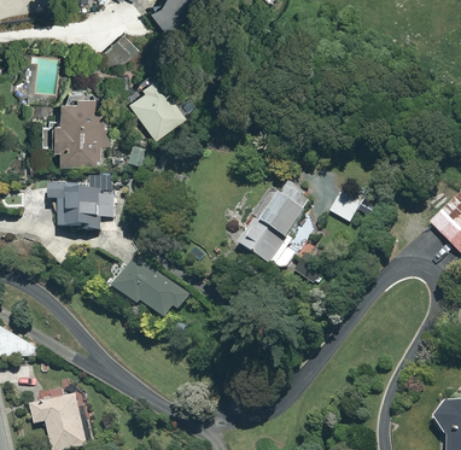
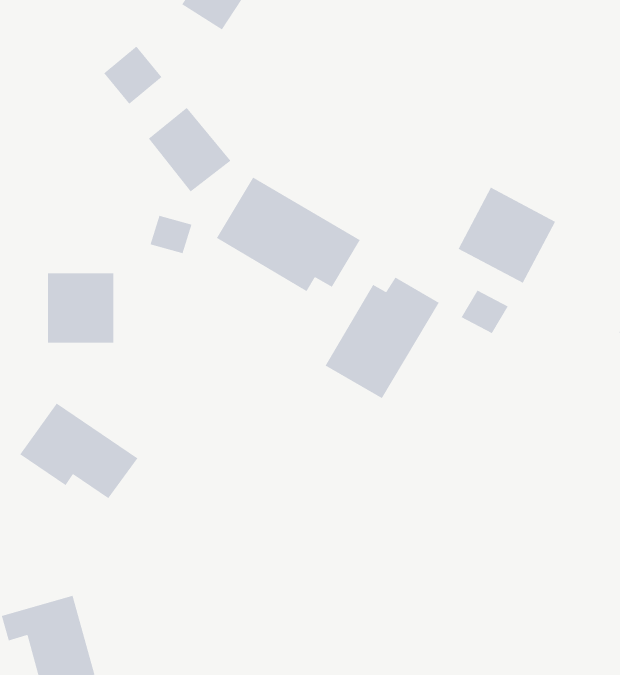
building: [49,94,111,163] -> none
building: none -> [216,176,361,292]
building: none -> [458,187,556,284]
building: [110,255,187,317] -> [19,402,138,499]

